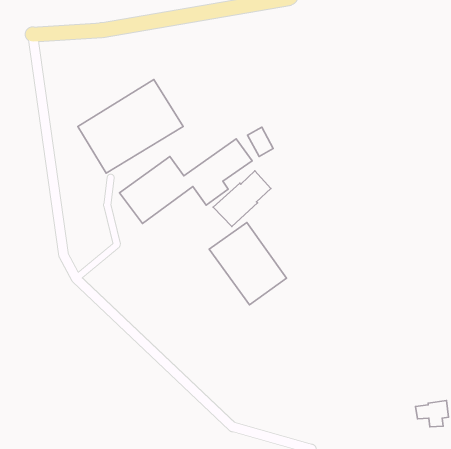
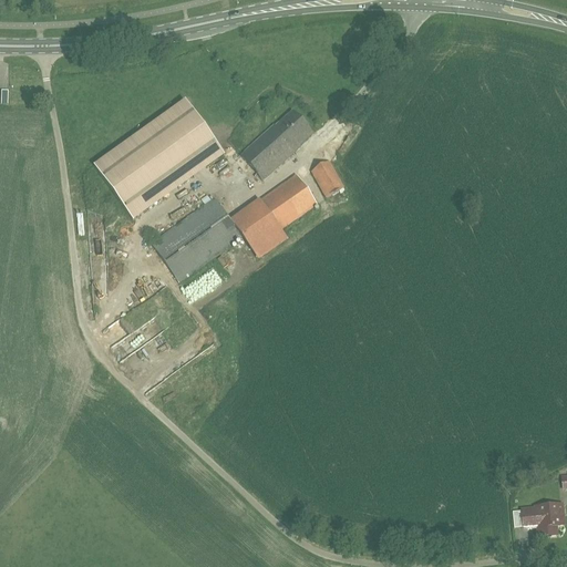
building: [213,171,271,227] -> [239,109,311,178]
building: [209,223,286,305] -> none

